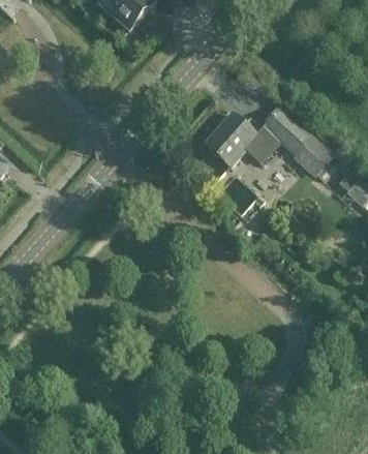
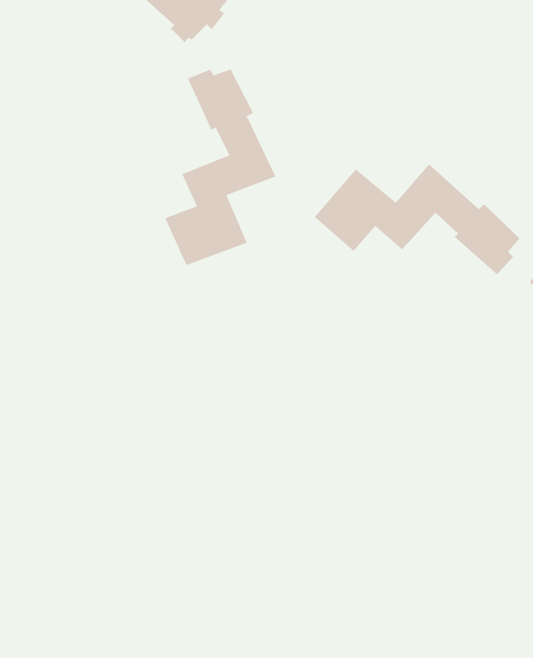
building: none -> [164,68,276,266]

